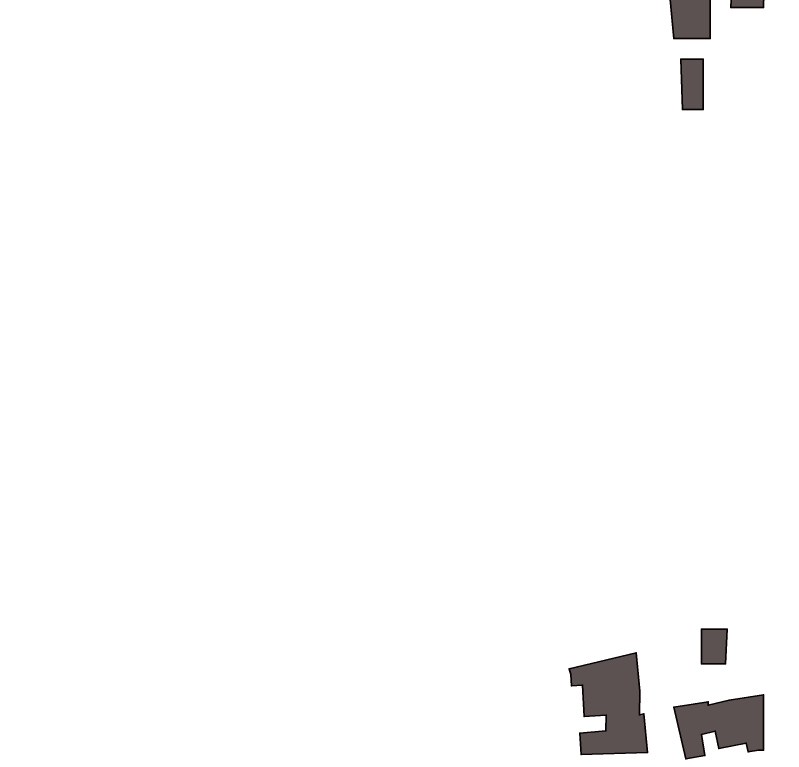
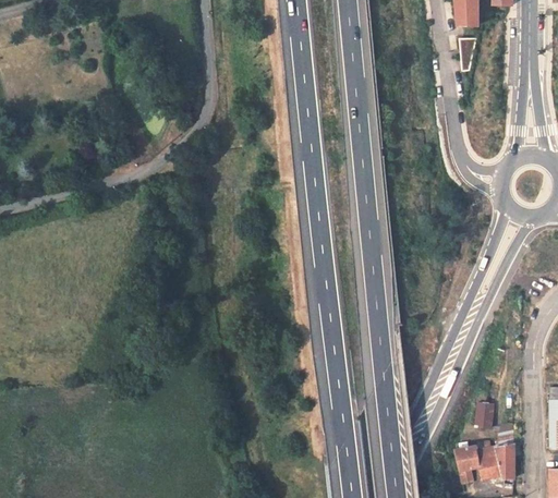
building: [569,653,647,755] -> none

